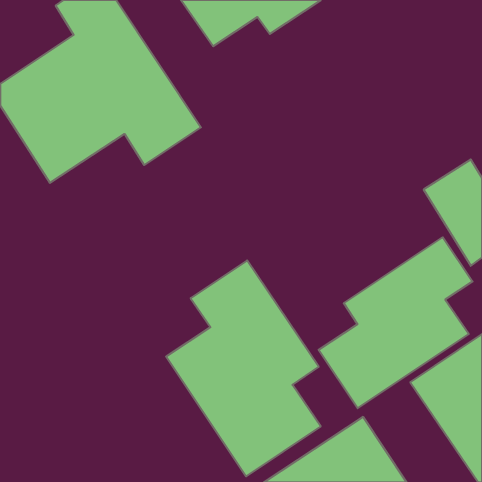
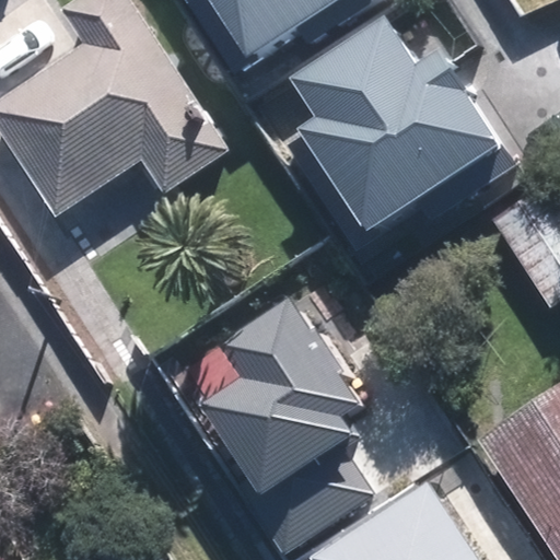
building: none -> [293,16,497,229]
building: [319,237,473,408] -> none

